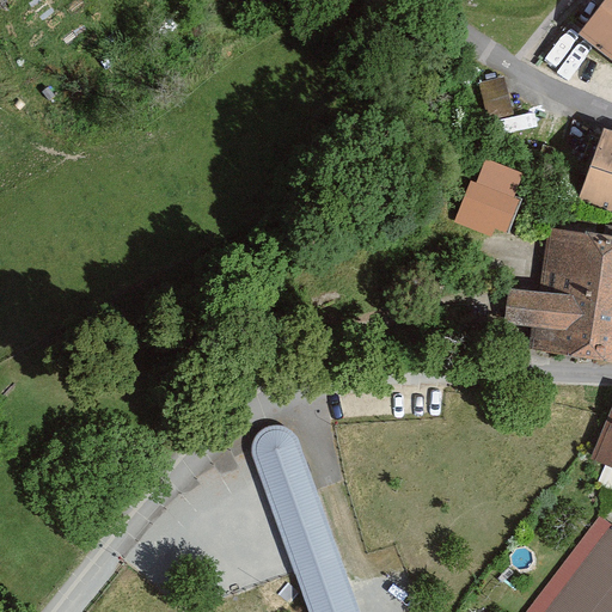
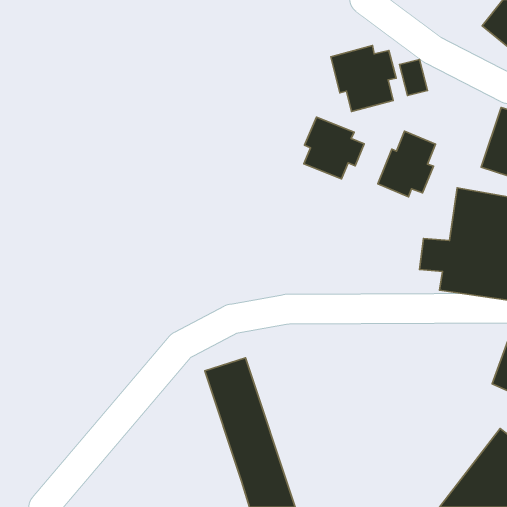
building: none -> [331,46,396,112]
building: none -> [304,117,364,179]

